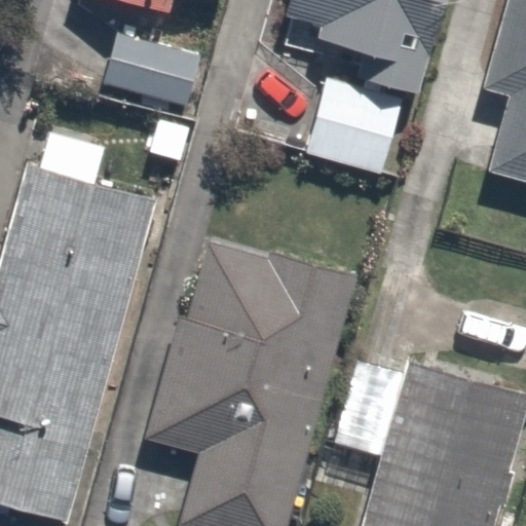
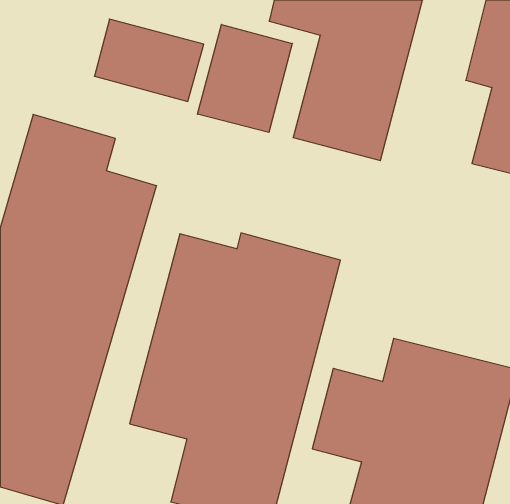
building: none -> [197,24,292,132]

